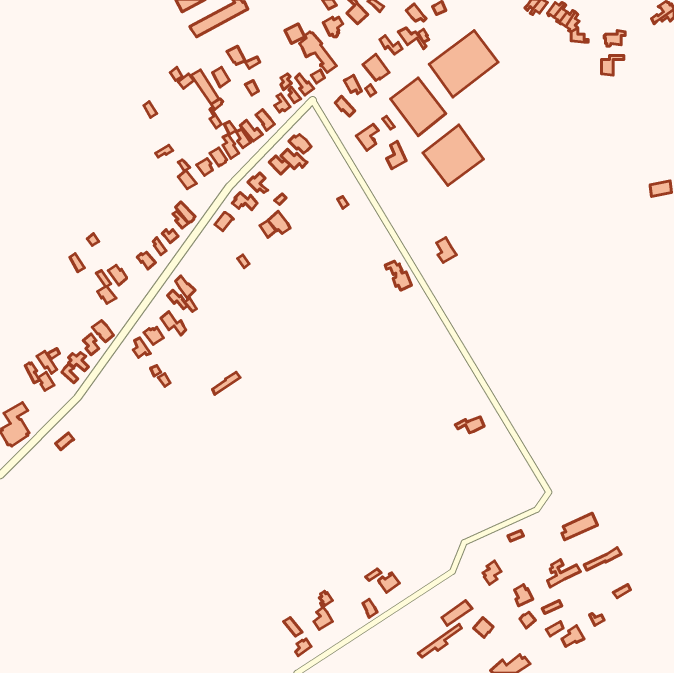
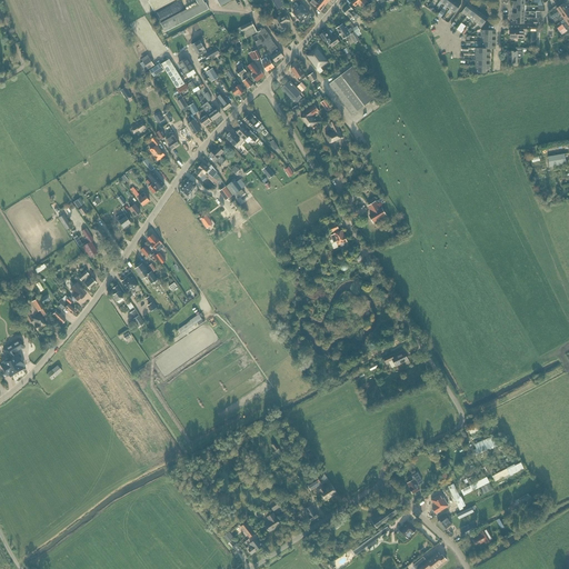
building: [429,31,498,97] -> none
building: [423,125,484,186] -> none

